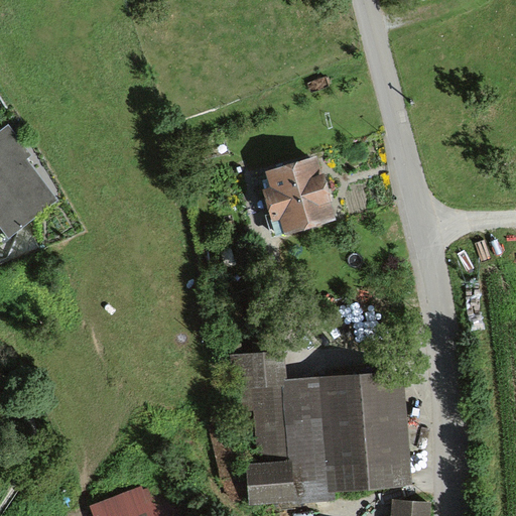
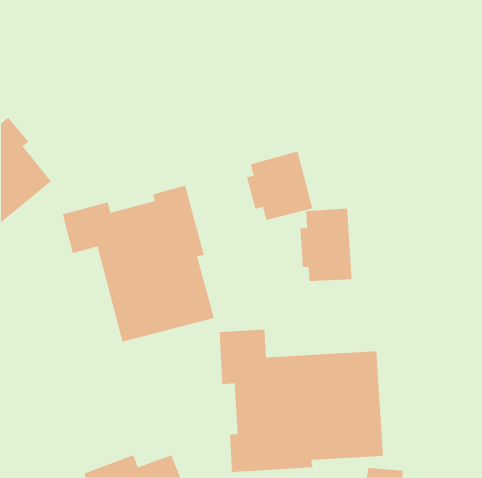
building: none -> [62,185,214,342]
building: none -> [300,208,352,282]

